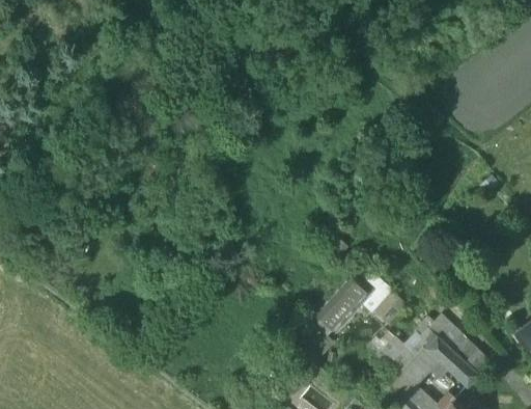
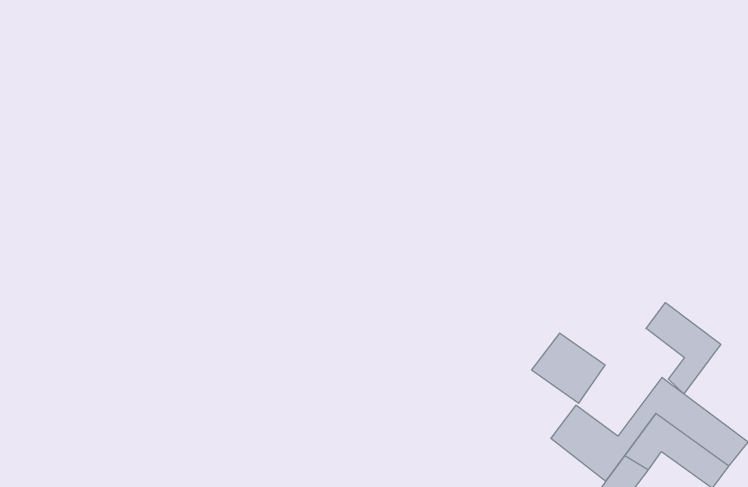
building: none -> [646,303,721,394]
building: [315,279,367,333] -> none

